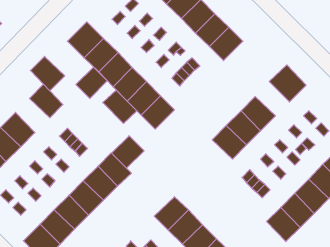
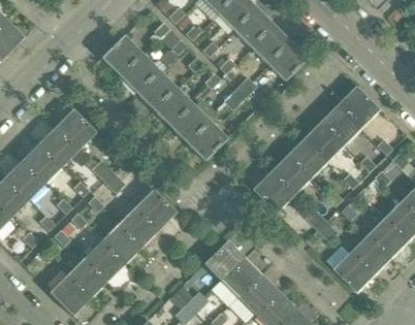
building: [30,56,65,91] -> [39,125,79,165]
building: [76,67,107,98] -> none
building: none -> [321,105,361,145]
building: [103,90,137,123] -> none
building: [112,136,144,168] -> none
building: none -> [254,173,294,213]

